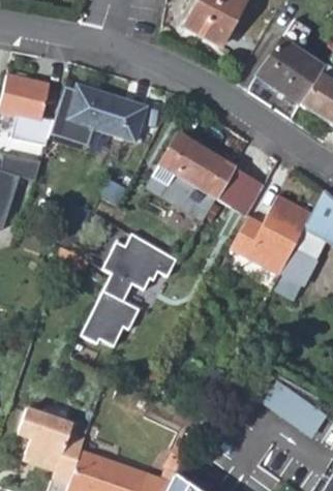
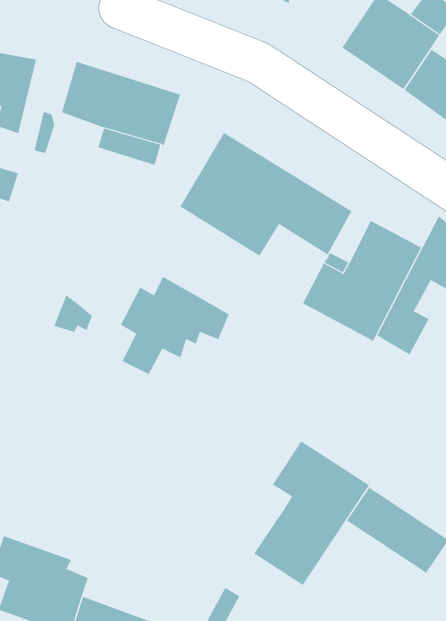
building: [85,288,143,343] -> none
building: none -> [253,441,370,586]

